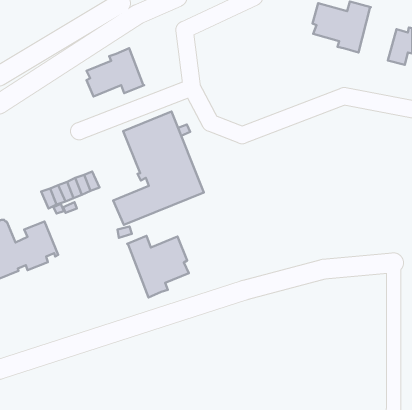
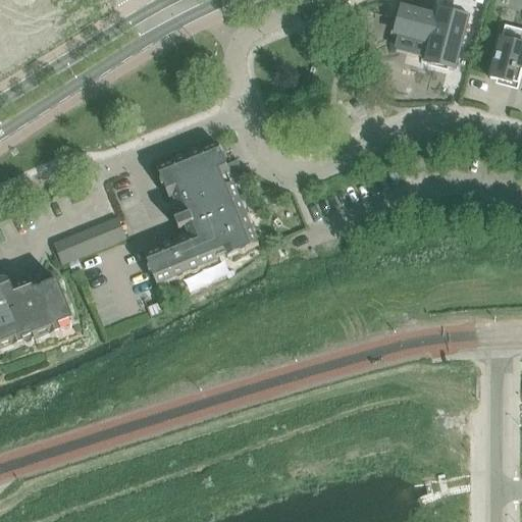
building: [87,48,144,97] -> none
building: [127,236,189,297] -> none

